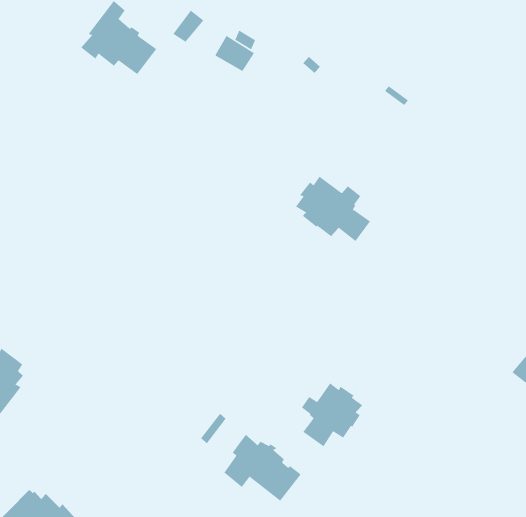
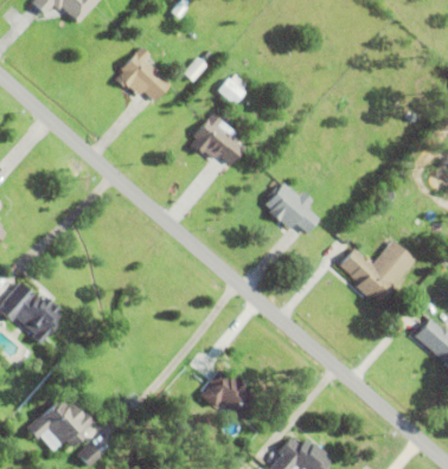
building: none -> [191,113,244,165]
building: none -> [339,240,415,302]
building: [301,383,363,447] -> none

